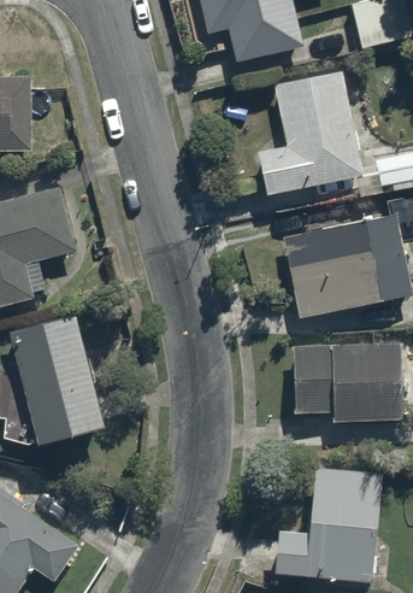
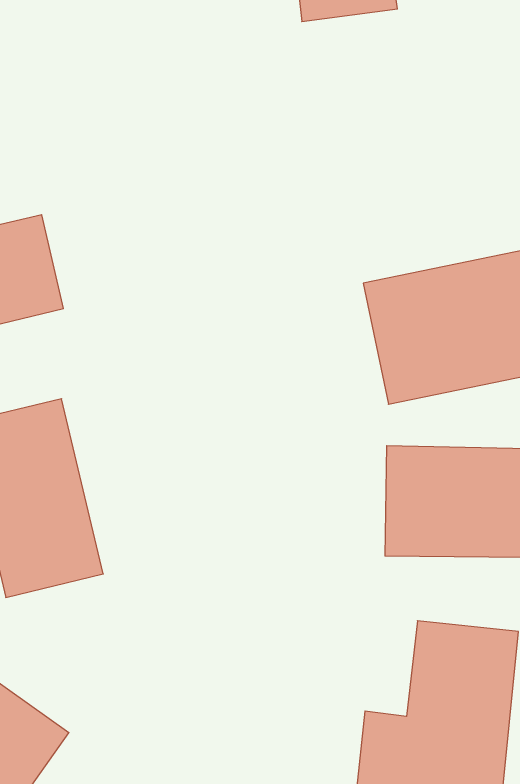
building: [256,72,371,194] -> none

